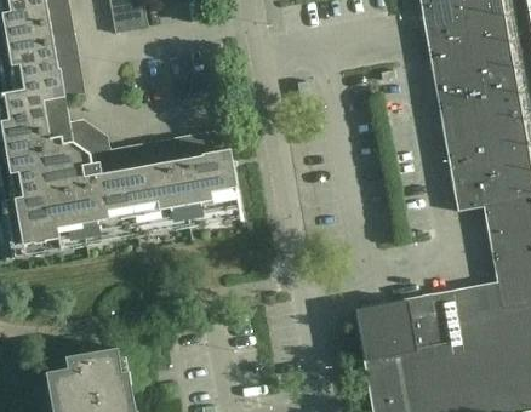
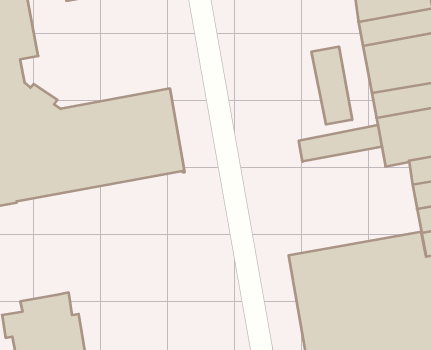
building: none -> [312,47,352,124]
building: none -> [299,125,382,162]

